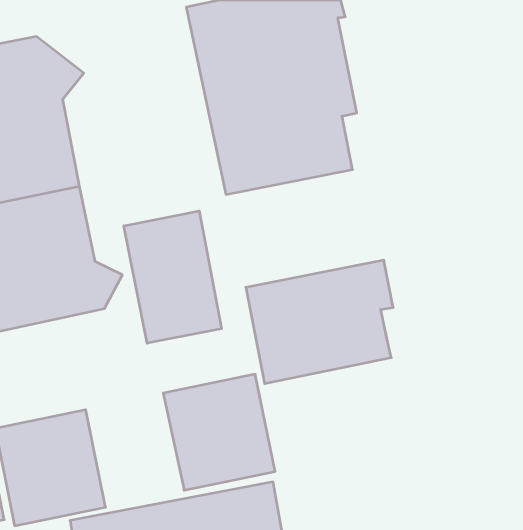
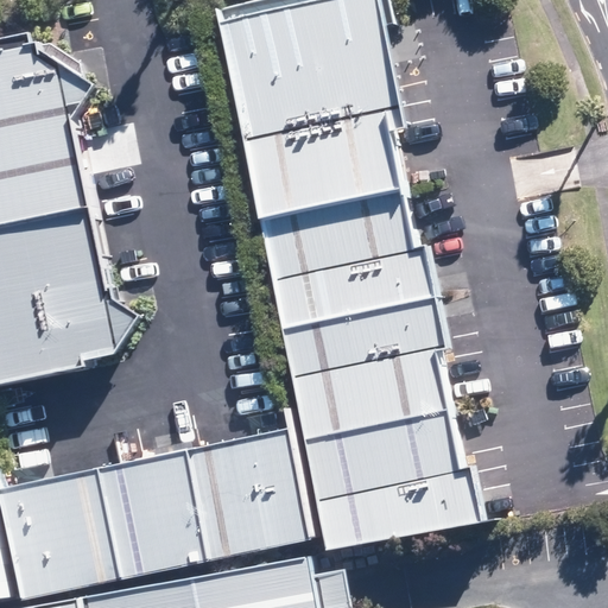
building: none -> [256,197,436,331]
building: [124,211,222,343] -> none
building: none -> [300,411,481,555]
building: none -> [97,451,209,581]

